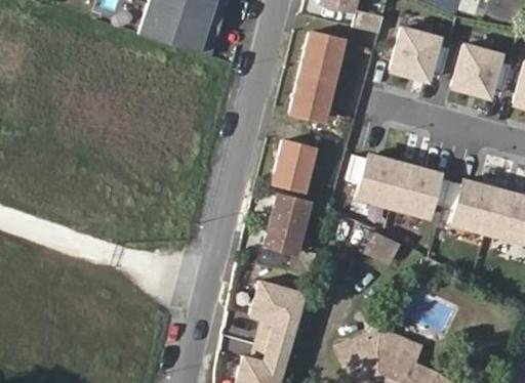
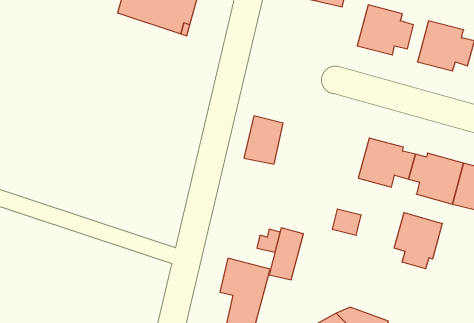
building: [292,30,344,117] -> none
building: [346,150,403,203] -> none
building: [270,197,305,250] -> [269,228,303,280]
building: none -> [394,212,442,269]

